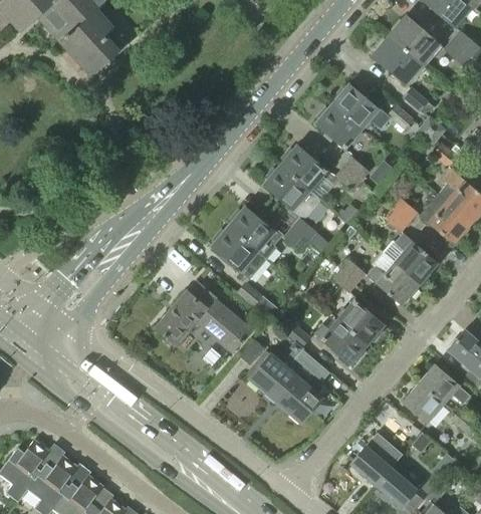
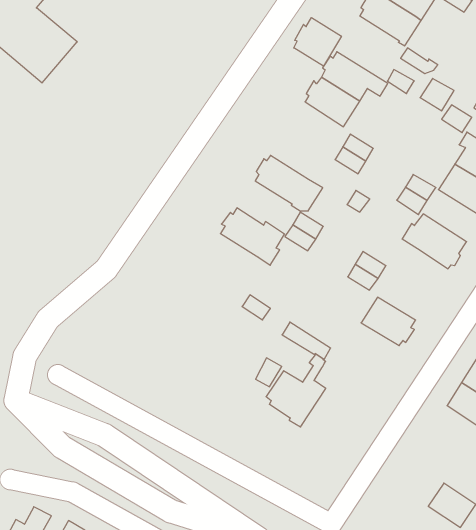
building: none -> [294,18,341,66]
building: [280,147,326,191] -> none
building: [212,227,267,280] -> none
building: [369,253,420,305] -> none
building: [156,282,251,353] -> none
building: [315,320,369,364] -> none
building: [275,350,321,423] -> none
building: [349,434,402,486] -> none

